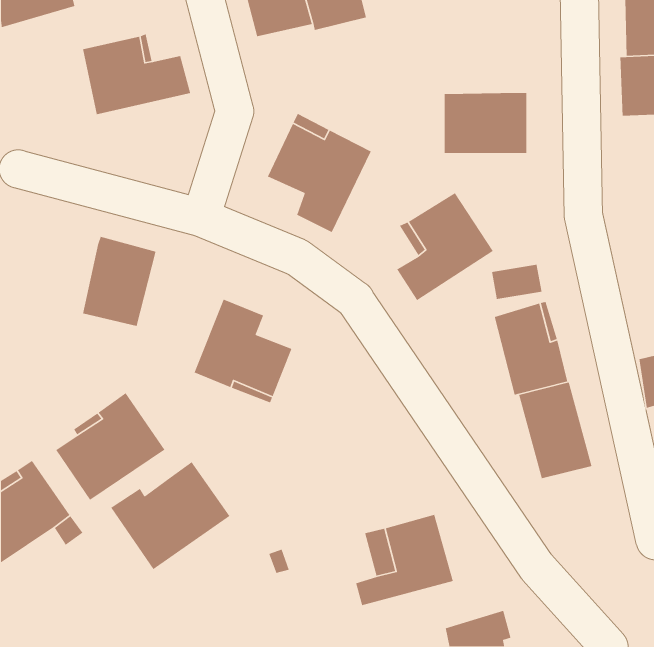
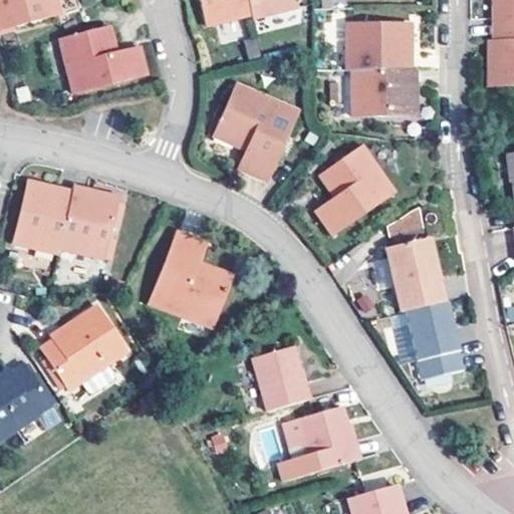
building: none -> [342,28,408,73]
building: none -> [20,182,77,252]
building: none -> [254,341,309,406]
building: [110,461,231,570] -> none

